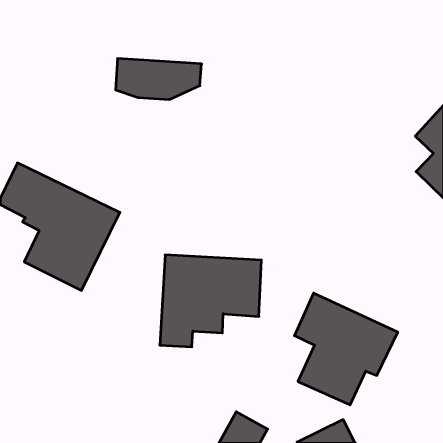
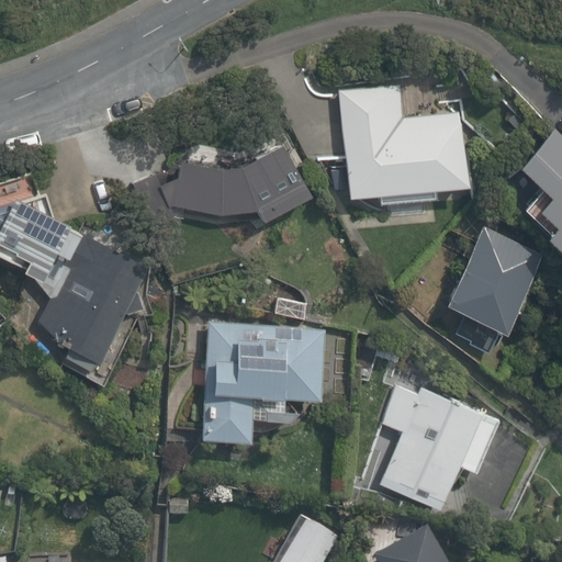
building: [116,59,202,99] -> [180,168,289,220]
building: none -> [336,82,460,193]
building: none -> [448,226,543,336]

